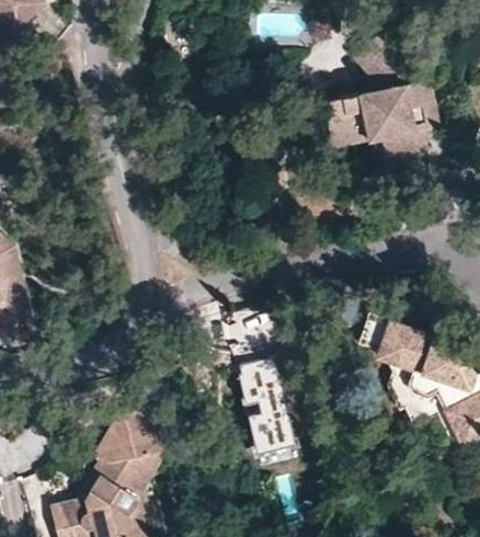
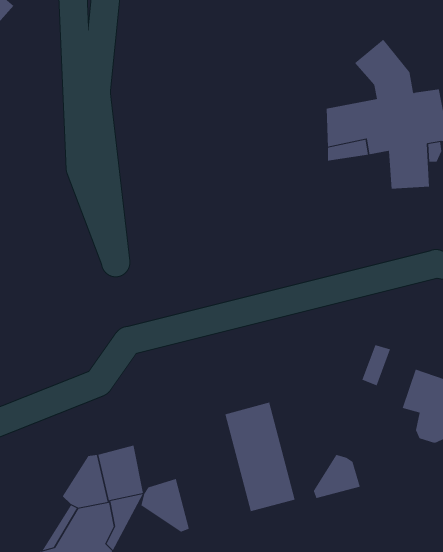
building: none -> [313,454,361,499]
building: none -> [141,478,189,532]

